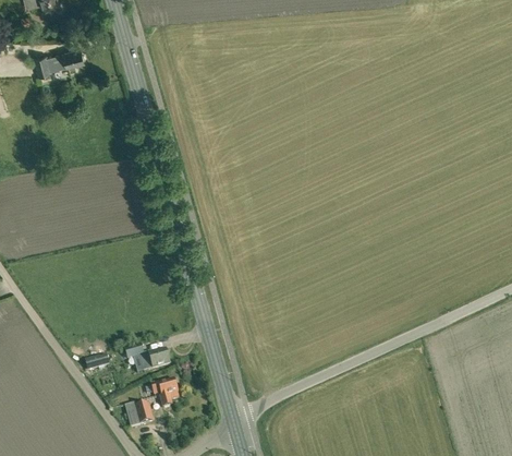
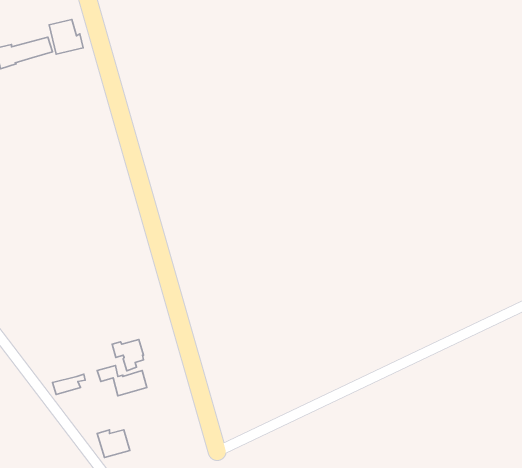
building: none -> [49,20,83,54]
building: [150,379,179,407] -> [112,339,144,371]

